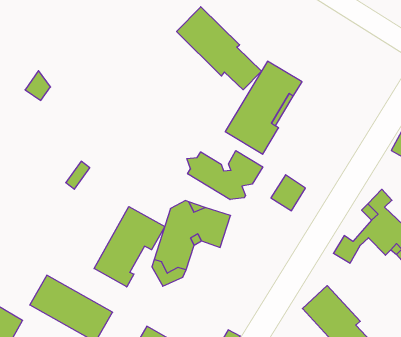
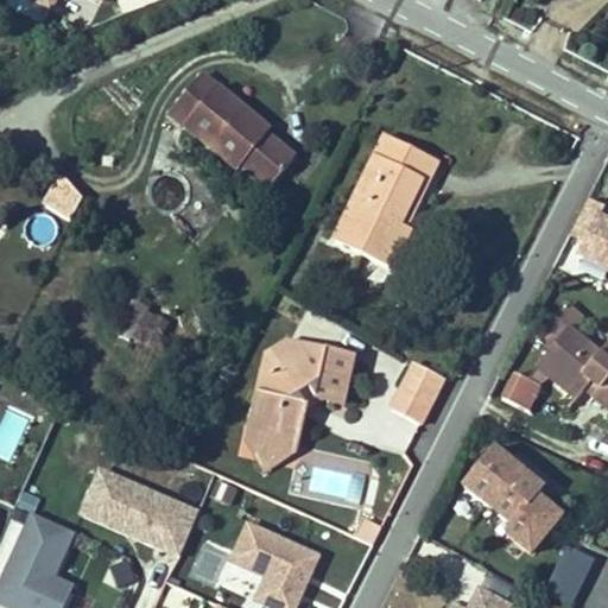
building: [177,7,262,90] -> [170,74,294,185]
building: [187,151,263,200] -> none
building: [271,175,305,211] -> [395,362,443,412]
building: [94,207,165,287] -> none

